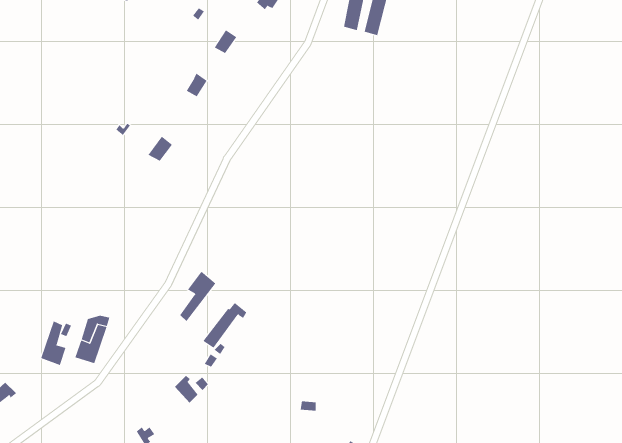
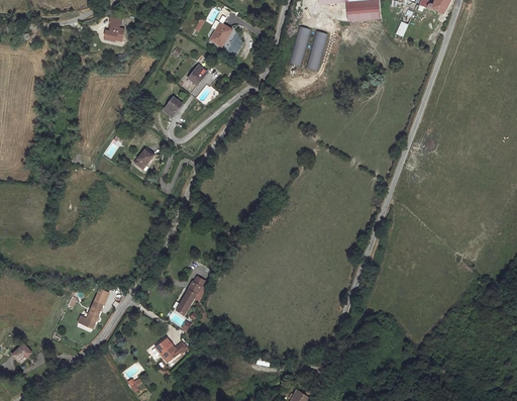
building: [180,271,216,322] -> none
building: [41,321,66,366] -> none

